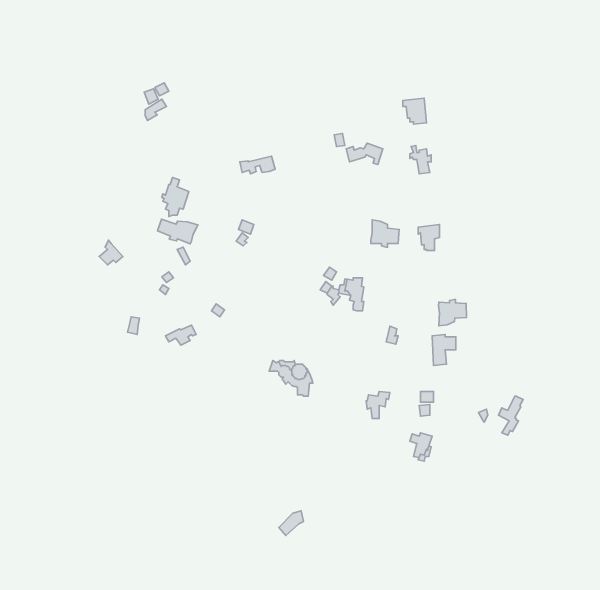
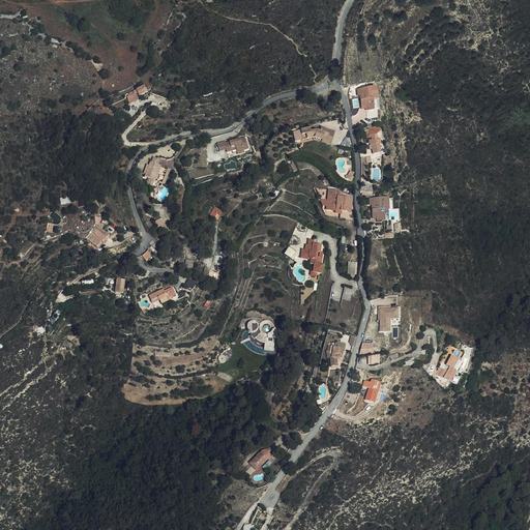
building: [158,219,198,244] -> none
building: [439,299,467,326] -> none

